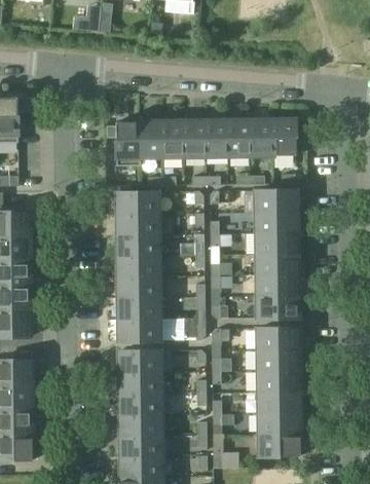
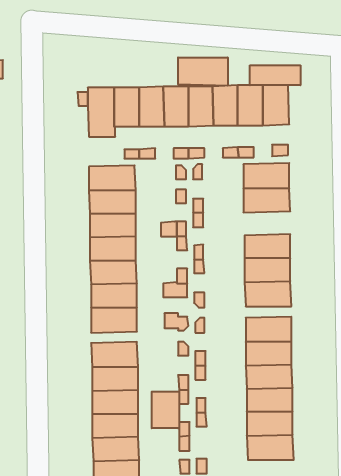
building: none -> [178,57,228,86]
building: none -> [250,65,300,85]
building: [255,232,297,254] -> none
building: none -> [152,392,179,428]

